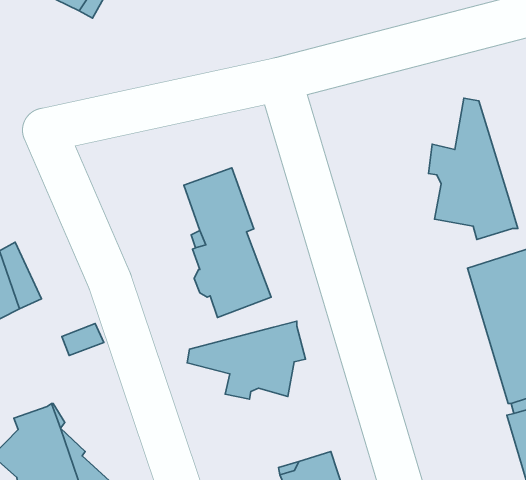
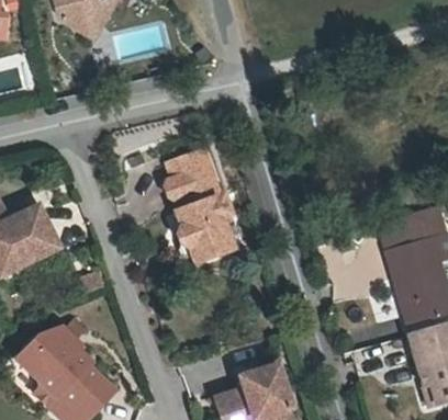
building: [428,98,518,239] -> none
building: [187,321,305,399] -> none

